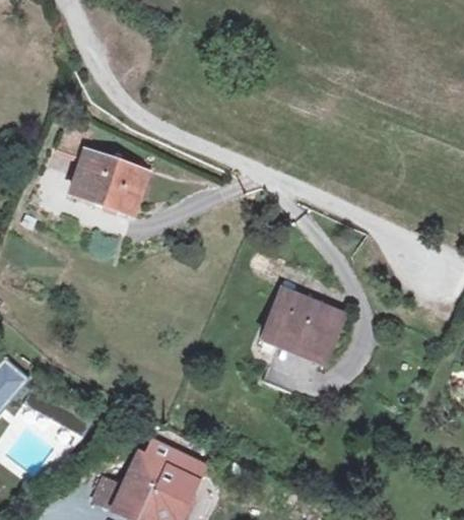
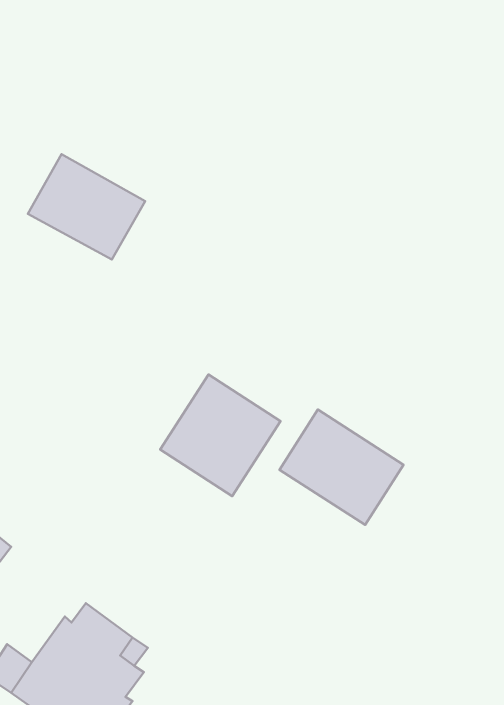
building: none -> [160,375,280,496]

